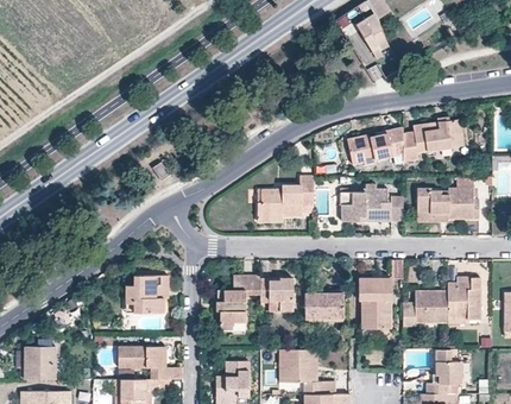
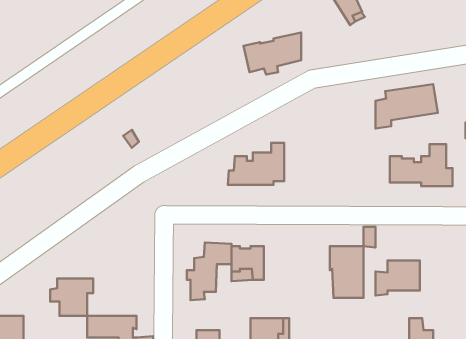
building: [346,127,403,169] -> [243,33,301,75]
building: [340,189,403,222] -> none
building: [126,276,169,313] -> [50,279,93,316]
building: [447,278,480,321] -> none
building: [304,292,343,318] -> none

